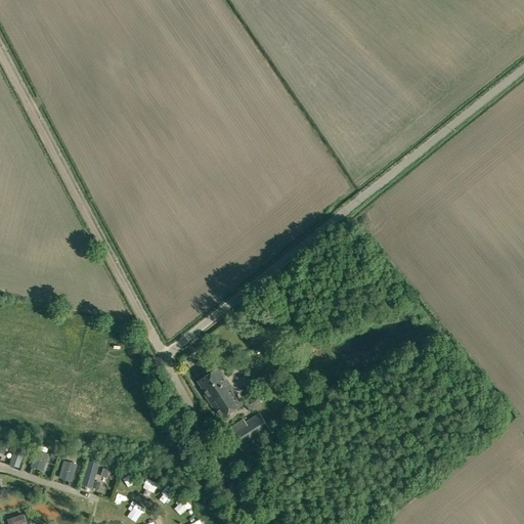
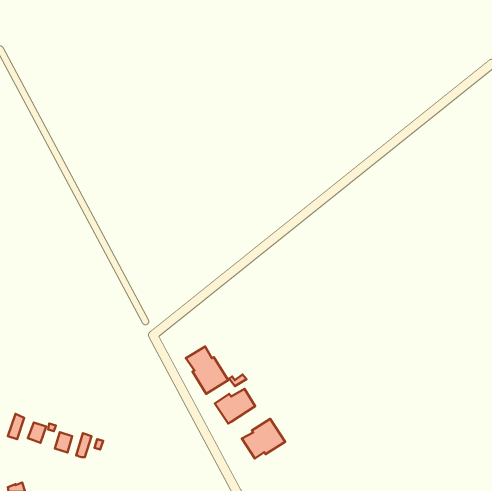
building: none -> [242,419,285,459]

